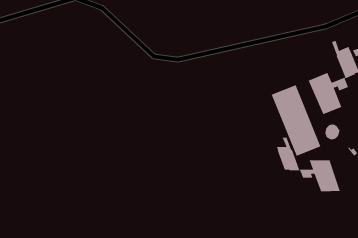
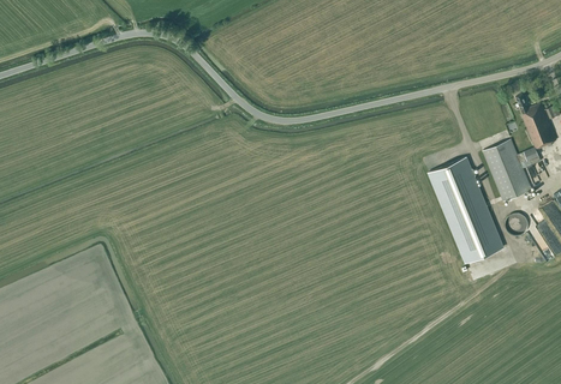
building: [276,137,341,192] -> none

